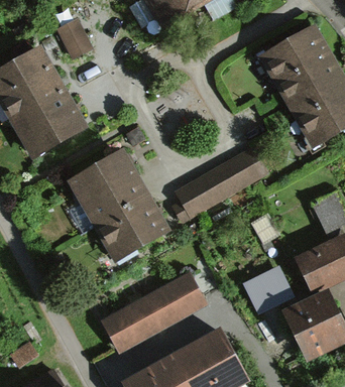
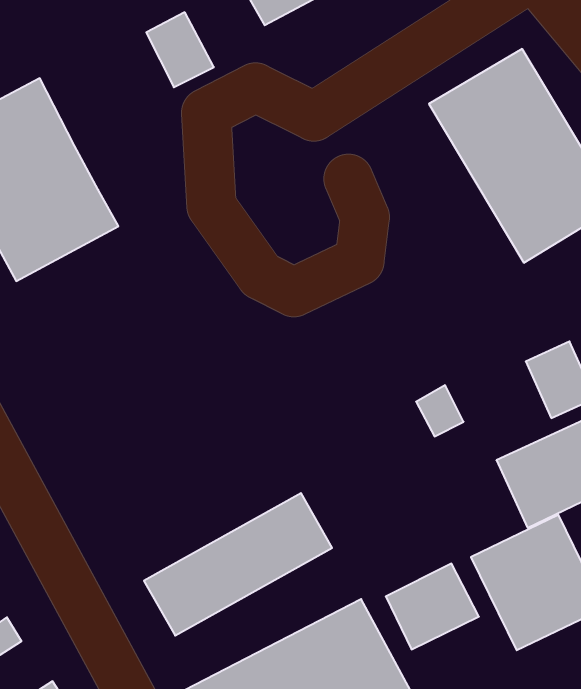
building: [56,17,94,58] -> [146,12,214,87]
building: [69,149,169,261] -> none
building: [175,149,265,222] -> none
building: [243,265,295,312] -> [386,564,479,649]

